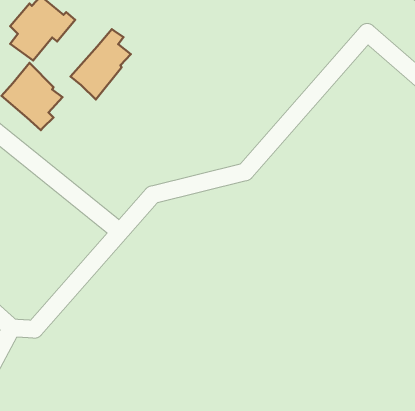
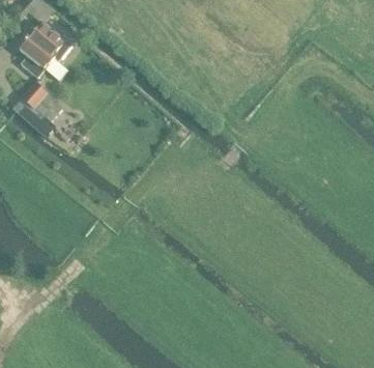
building: [71,29,131,99] -> none

